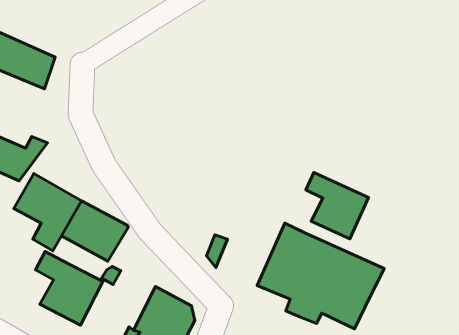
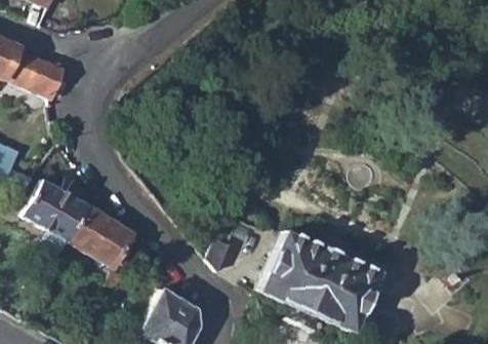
building: [306,172,369,239] -> none
building: [36,252,103,325] -> none

